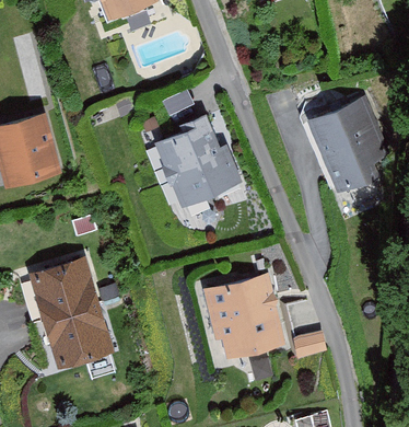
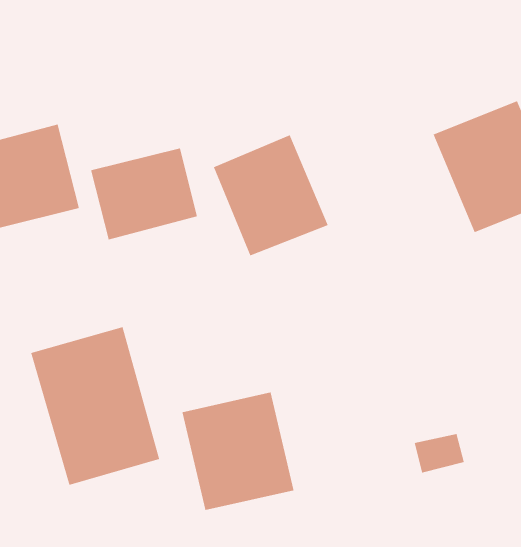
building: none -> [90,147,198,240]
building: [208,275,288,359] -> [181,392,294,511]

